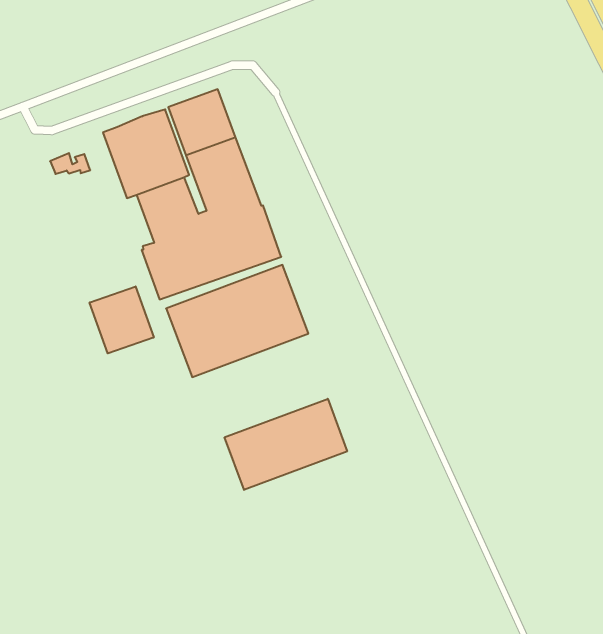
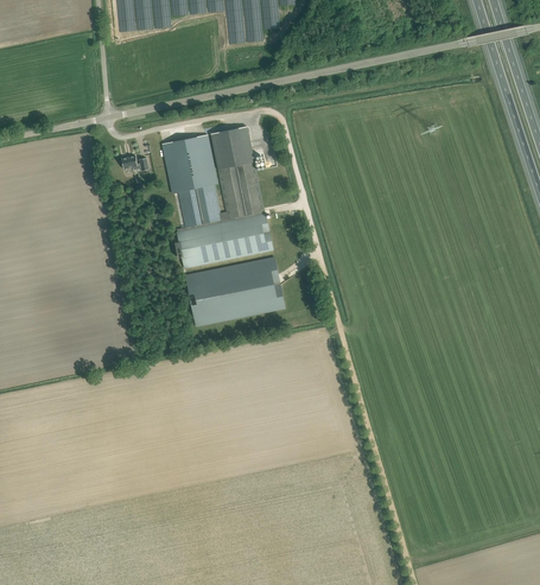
building: [90,286,154,353] -> none
building: [225,399,347,490] -> none

